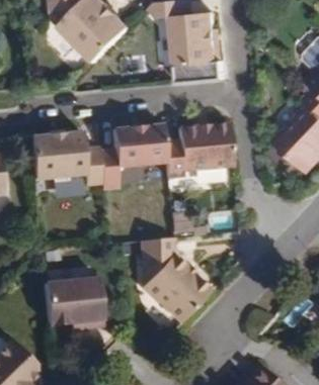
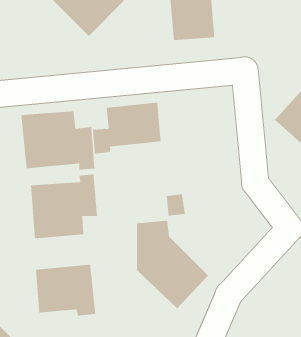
building: [165,123,234,178] -> none
building: none -> [30,174,98,239]

